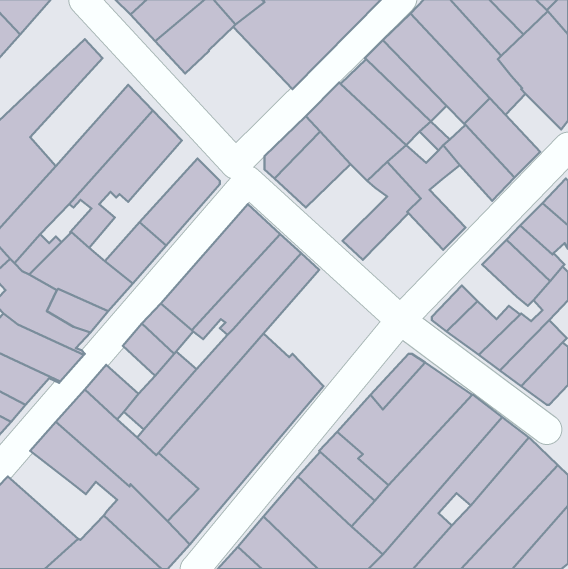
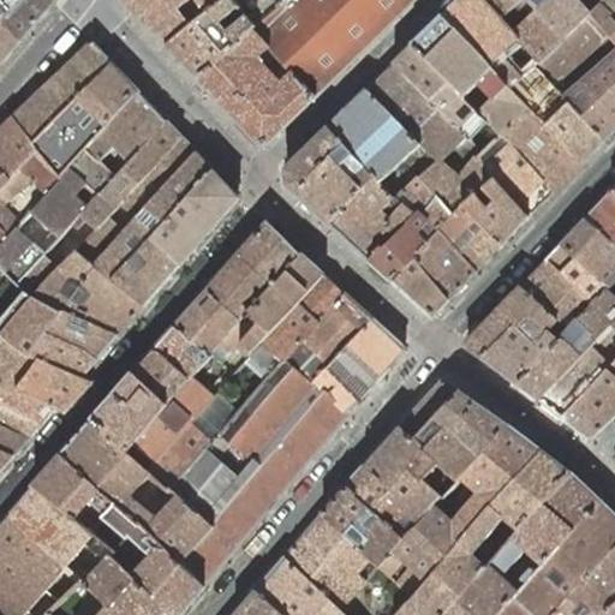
building: none -> [199,29,315,144]
building: none -> [32,62,138,179]
building: none -> [544,101,604,163]
building: none -> [96,151,213,281]
building: none -> [329,177,417,259]
building: none -> [462,178,530,245]
building: none -> [390,229,477,316]
building: none -> [497,285,556,344]
building: none -> [283,291,404,416]
building: none -> [114,372,167,424]
building: none -> [8,485,115,581]

